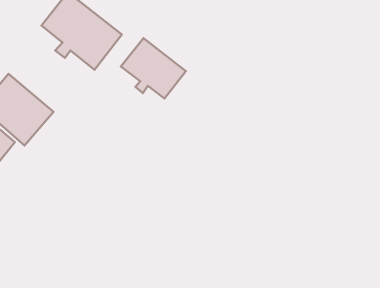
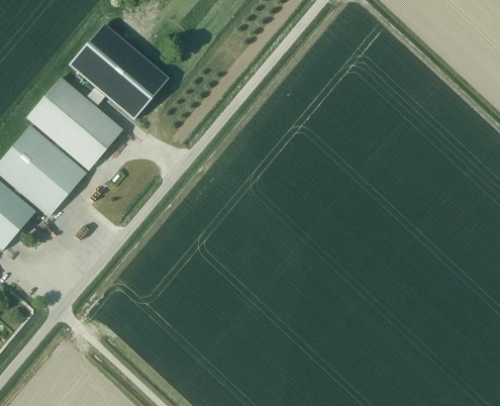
building: none -> [27,78,122,169]
building: [121,38,186,99] -> none

